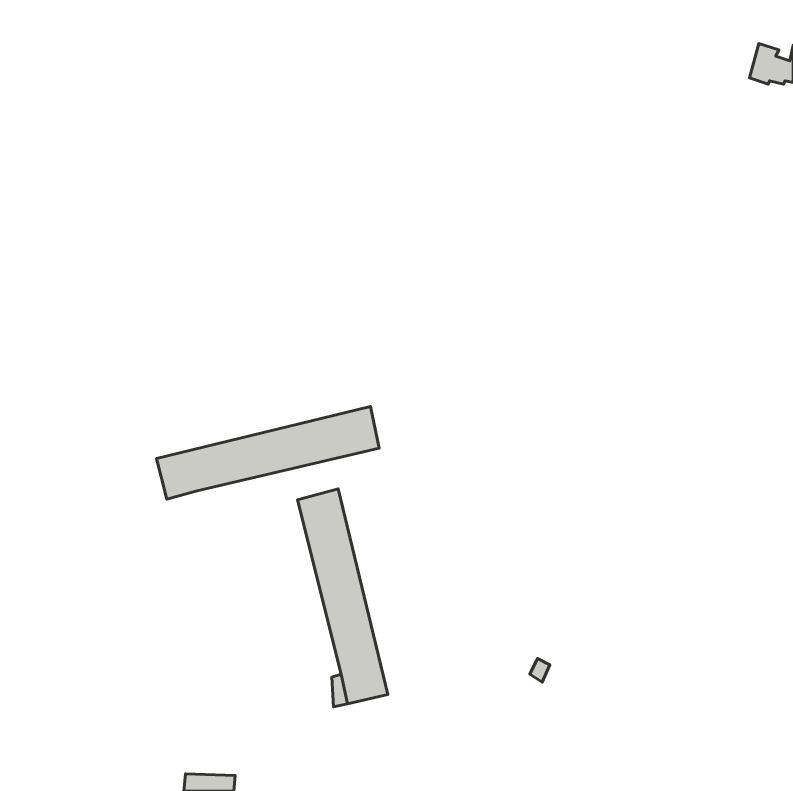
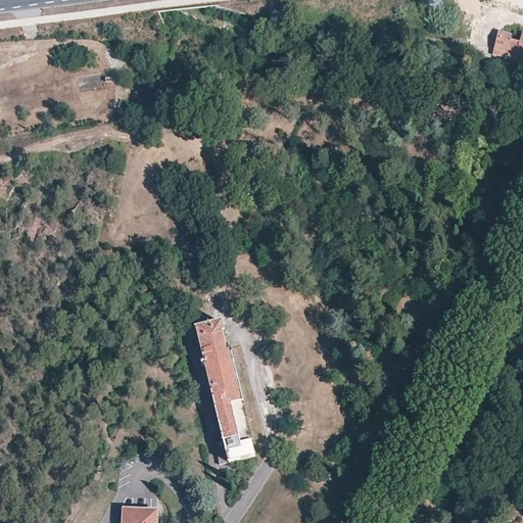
building: [157,407,379,499] -> none

